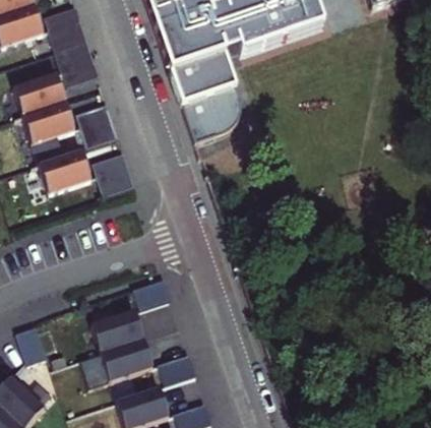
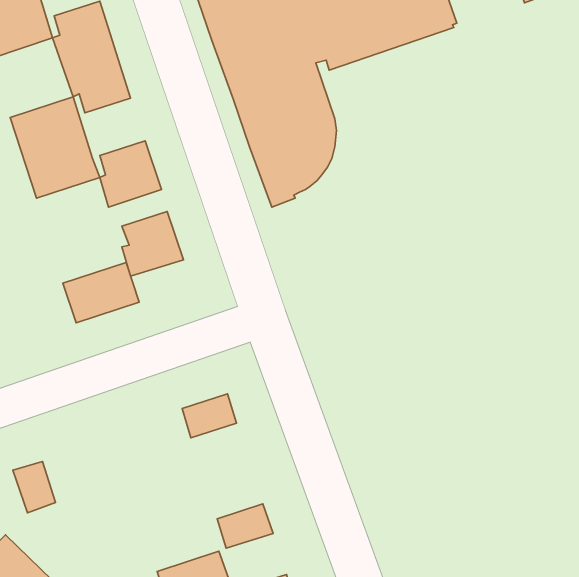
building: [40,147,93,189] -> [63,263,139,323]
building: [91,307,153,379] -> none

